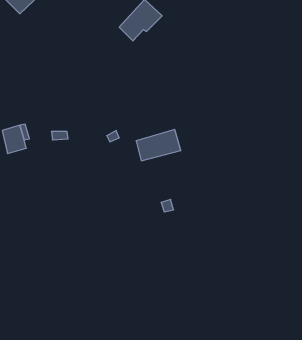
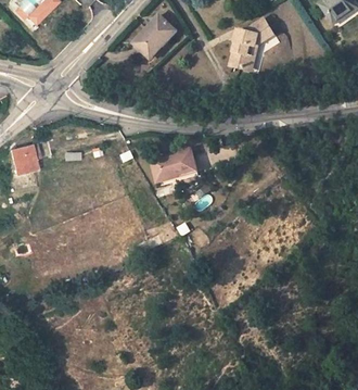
building: none -> [230,18,274,71]

